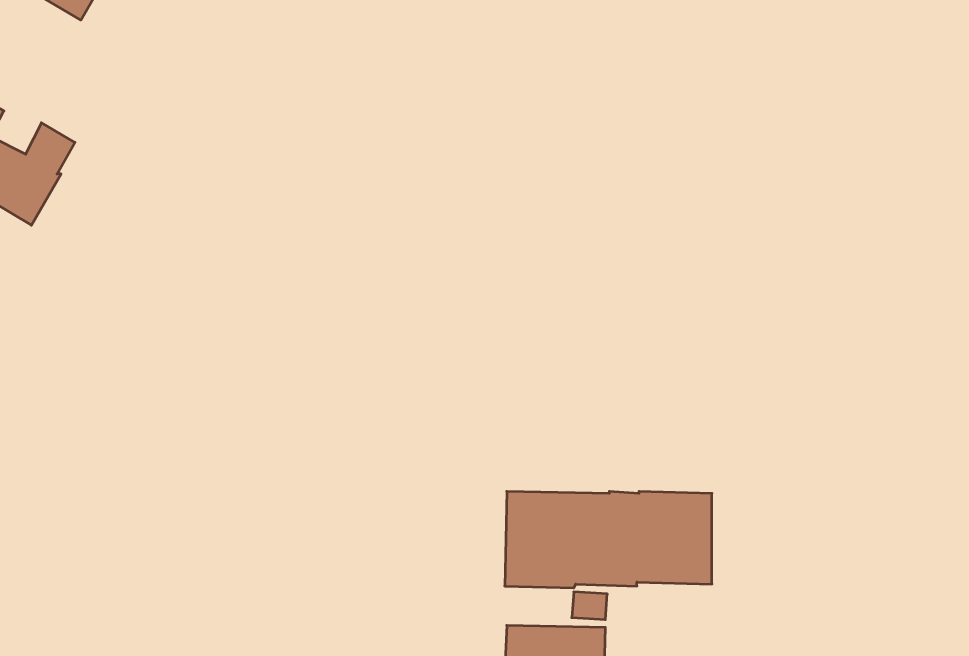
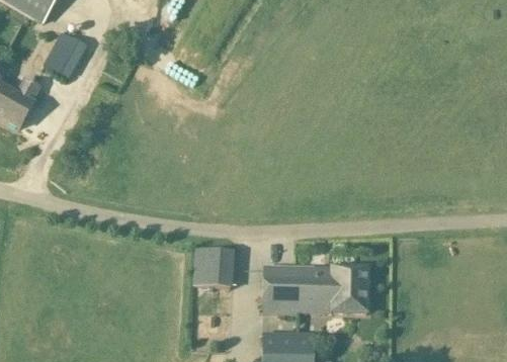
building: none -> [45,32,86,78]
building: none -> [193,246,234,288]

